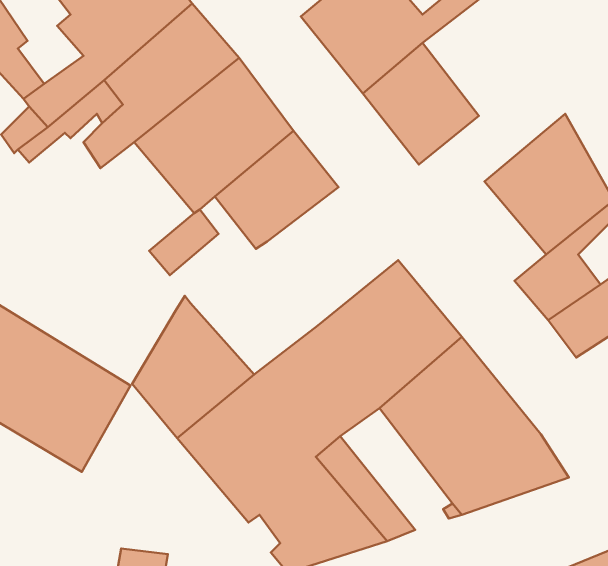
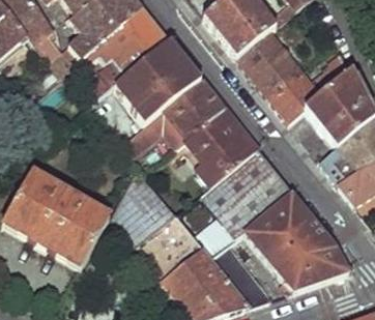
building: none -> [268,53,349,120]
building: none -> [184,110,257,186]

